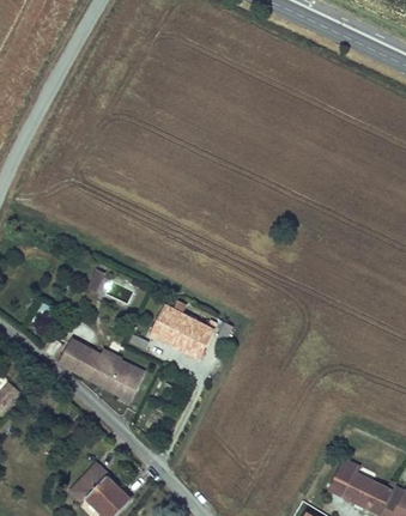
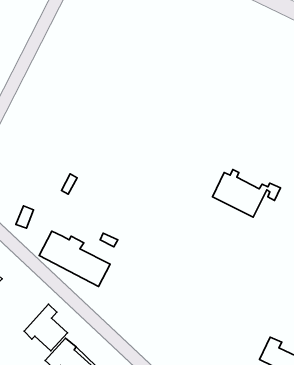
building: [150,302,234,360] -> [213,169,280,217]
building: none -> [24,304,68,351]

